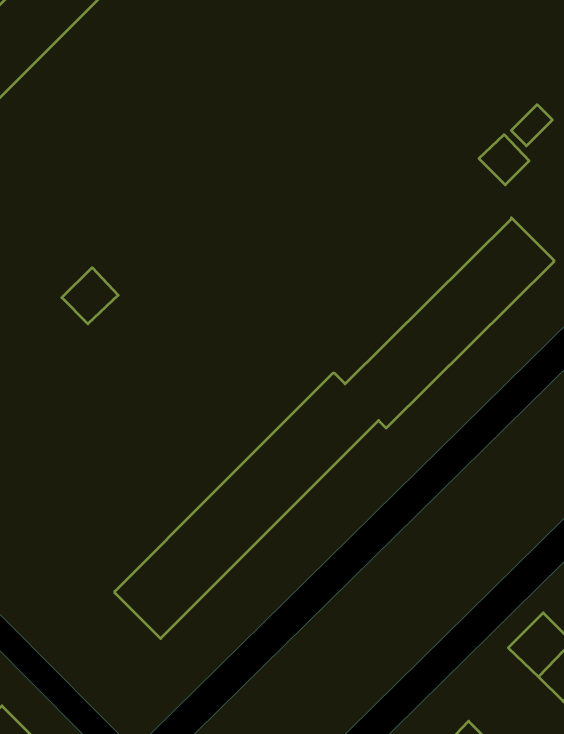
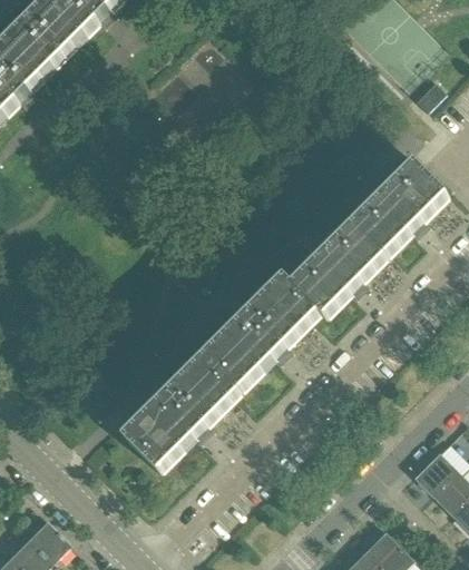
building: [479,135,529,185] -> none
building: [62,268,118,324] -> none

